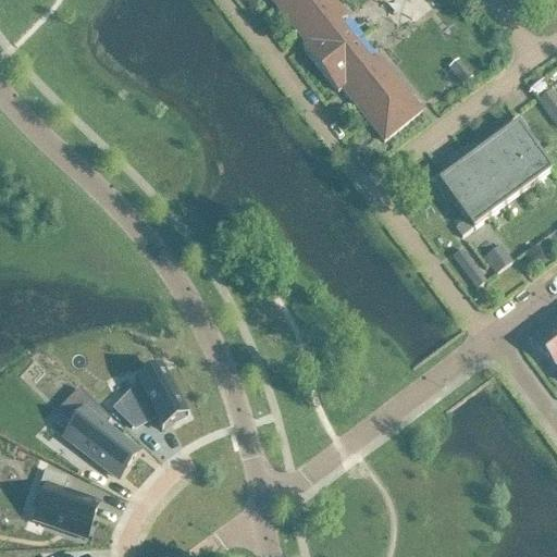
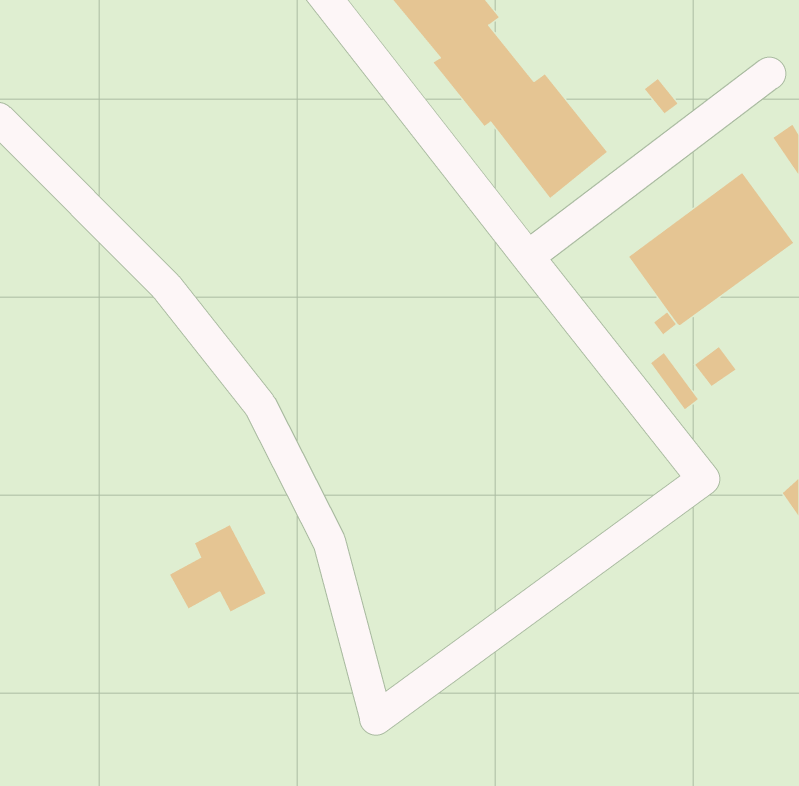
building: [59,384,135,473] -> none
building: [34,466,97,534] -> none

